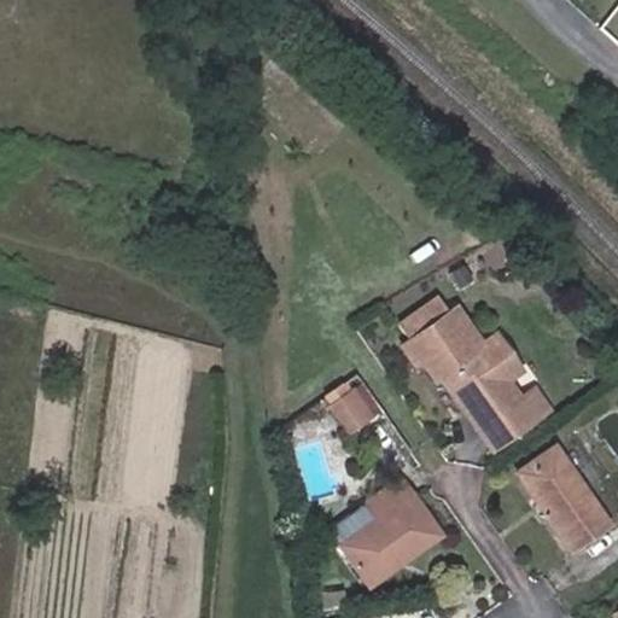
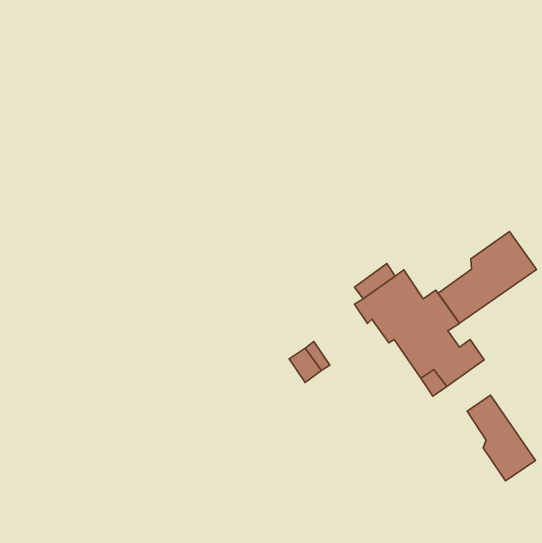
building: none -> [438,231,536,323]
building: [345,478,444,579] -> none

